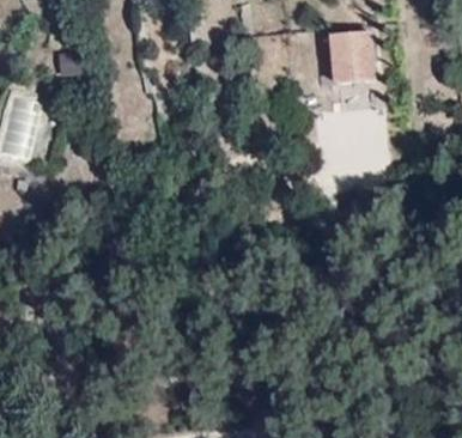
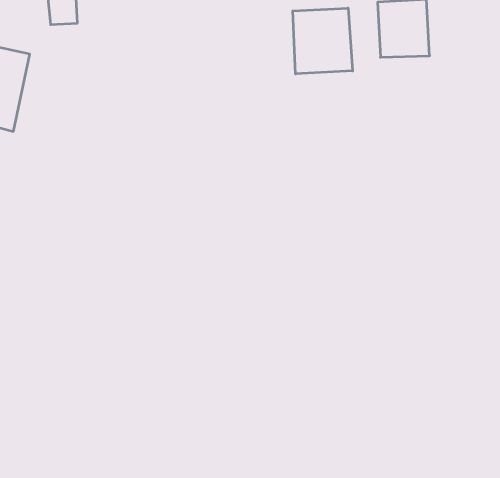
building: none -> [293,8,353,74]

